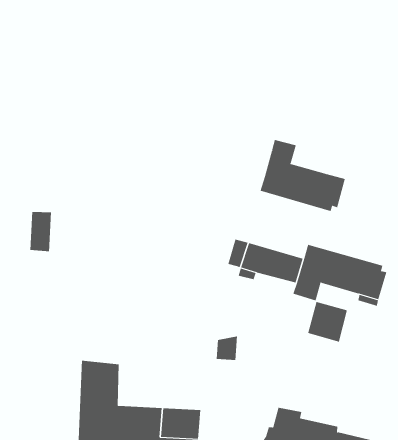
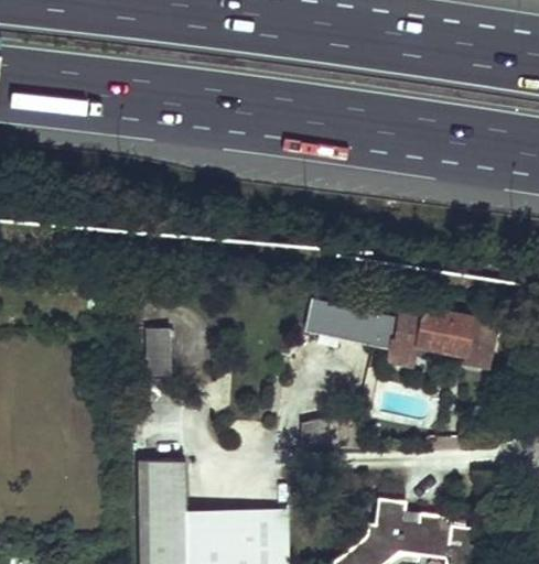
building: [260,139,346,212] -> none
building: [30,212,52,252] -> [145,328,171,376]
building: [308,301,348,342] -> none

